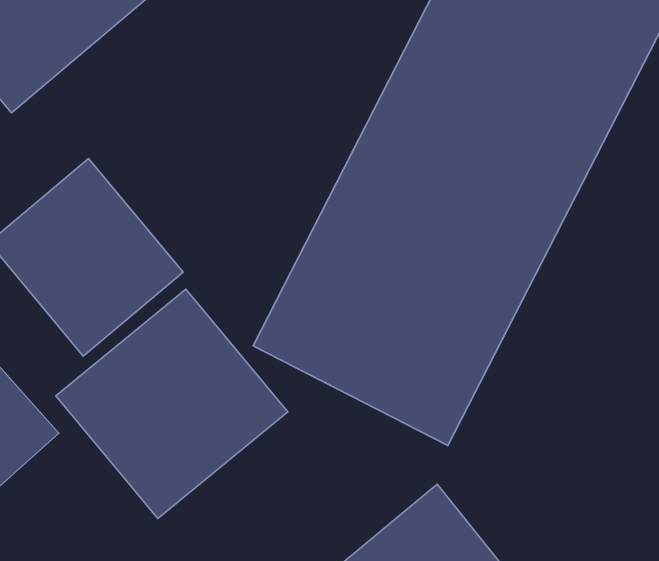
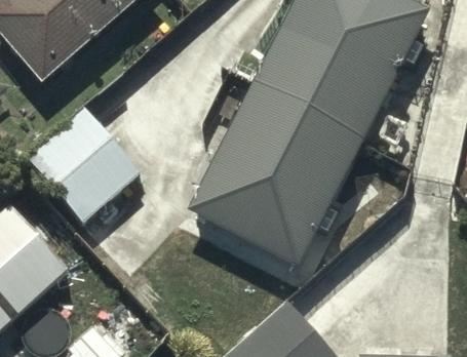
building: [56,289,288,519] -> none

